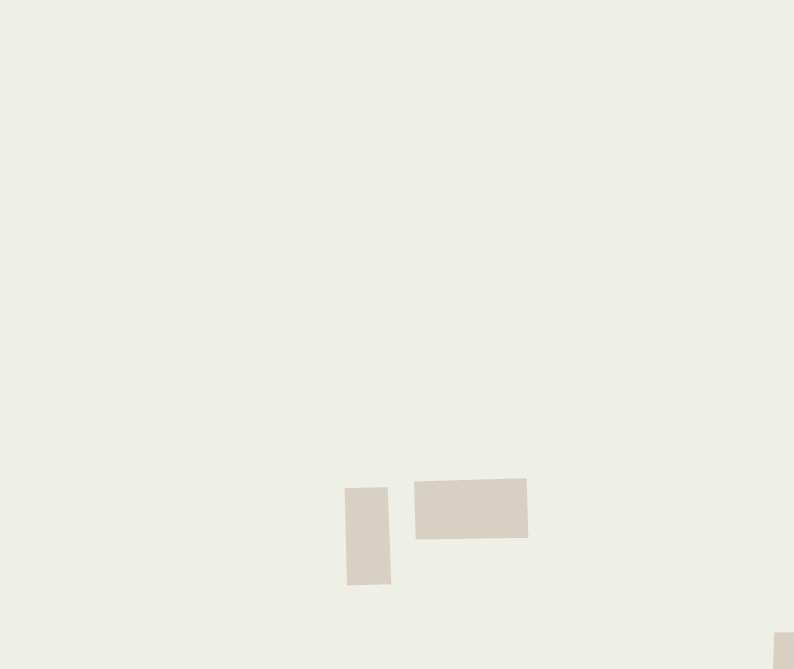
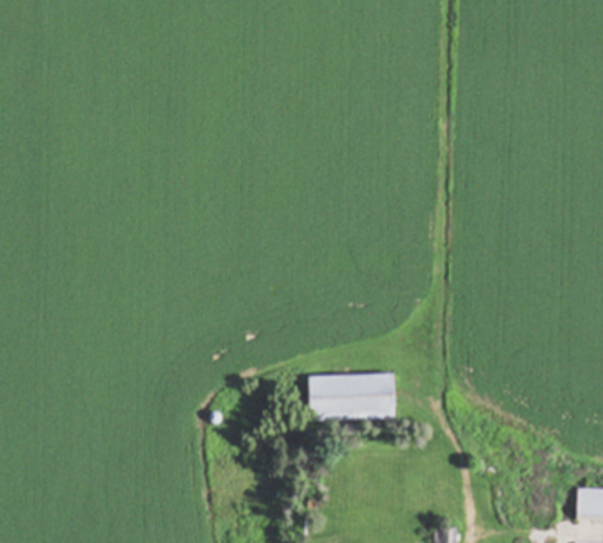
building: [344,486,392,586] -> none

